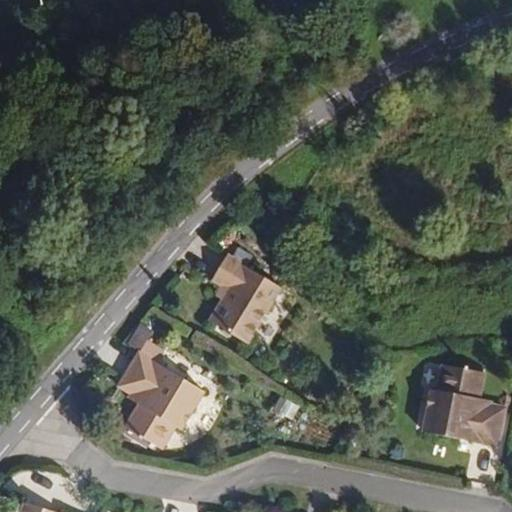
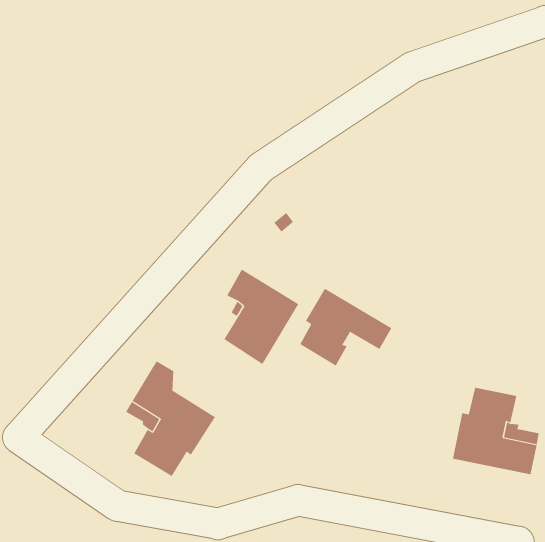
building: none -> [300,288,392,366]

